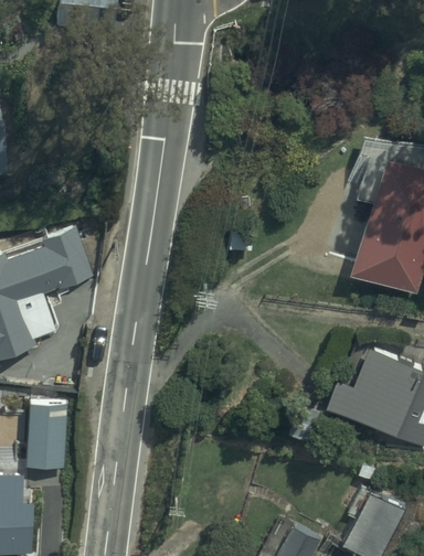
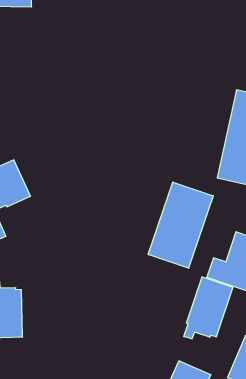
building: none -> [148,182,213,268]
building: none -> [184,277,233,339]

